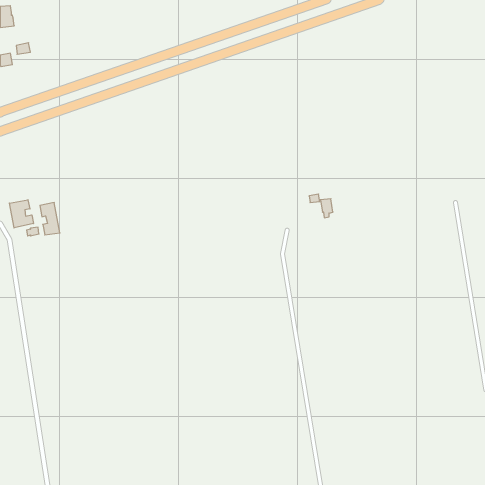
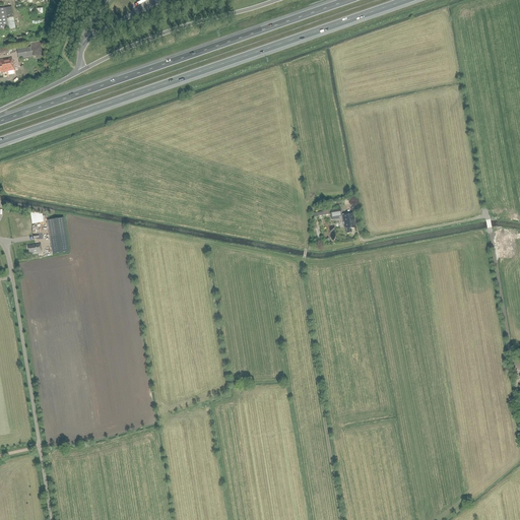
building: [9,200,33,228] -> none

